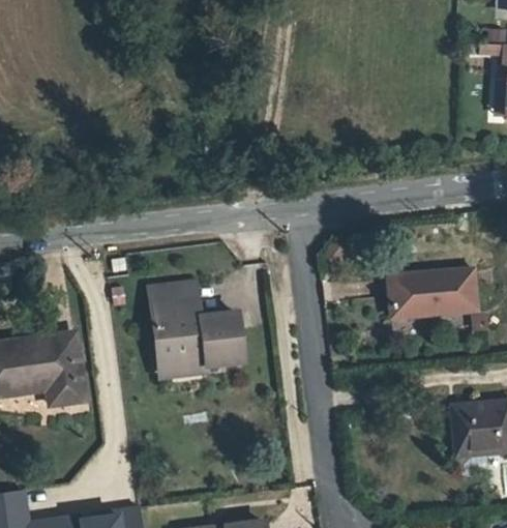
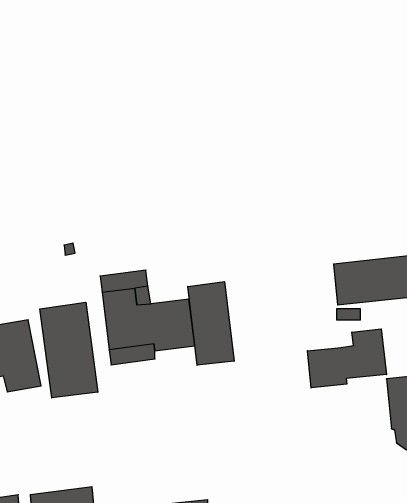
building: none -> [188,282,234,365]
building: none -> [40,302,98,398]
building: none -> [307,329,386,388]

